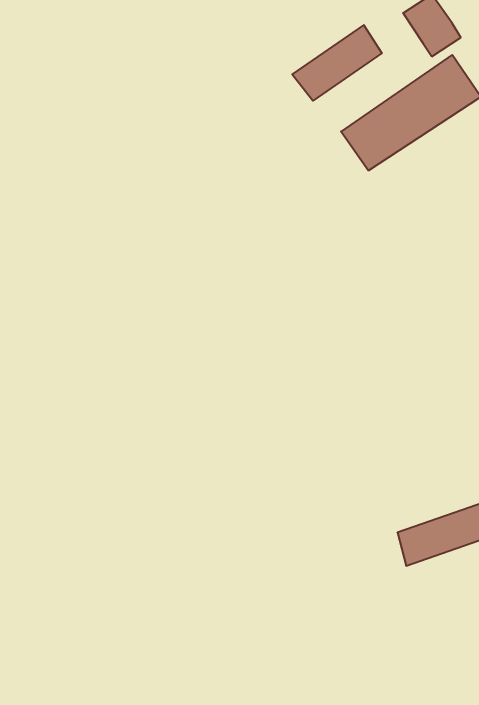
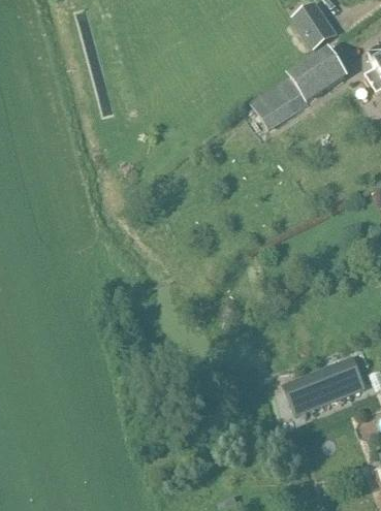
building: [292,25,382,101] -> none

